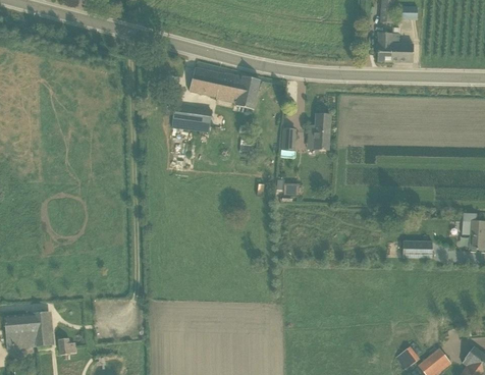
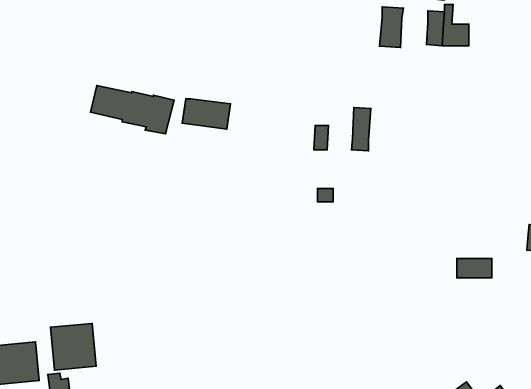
building: none -> [379,7,403,48]
building: [190,68,260,109] -> [91,86,174,134]
building: none -> [51,323,96,370]

